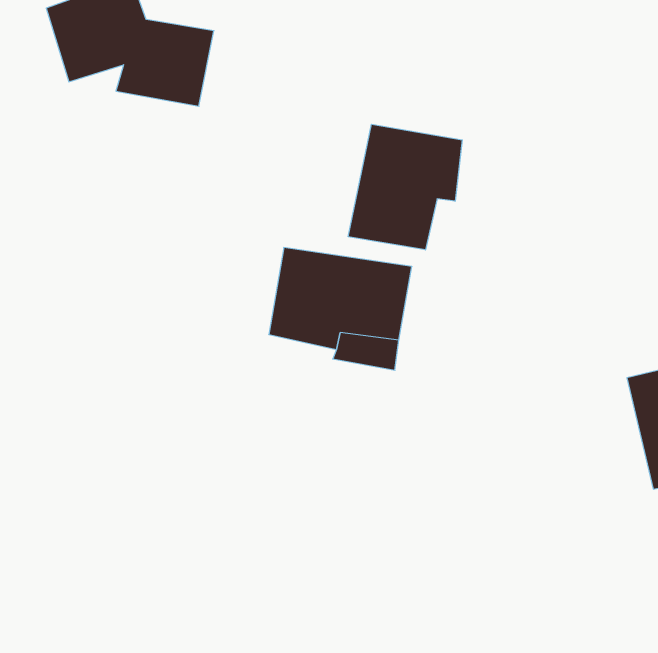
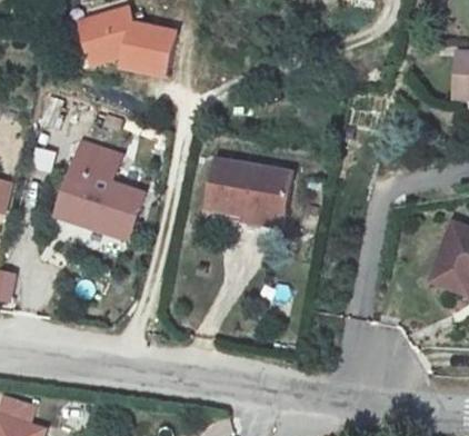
building: [348,124,462,250] -> none
building: none -> [60,128,146,224]

